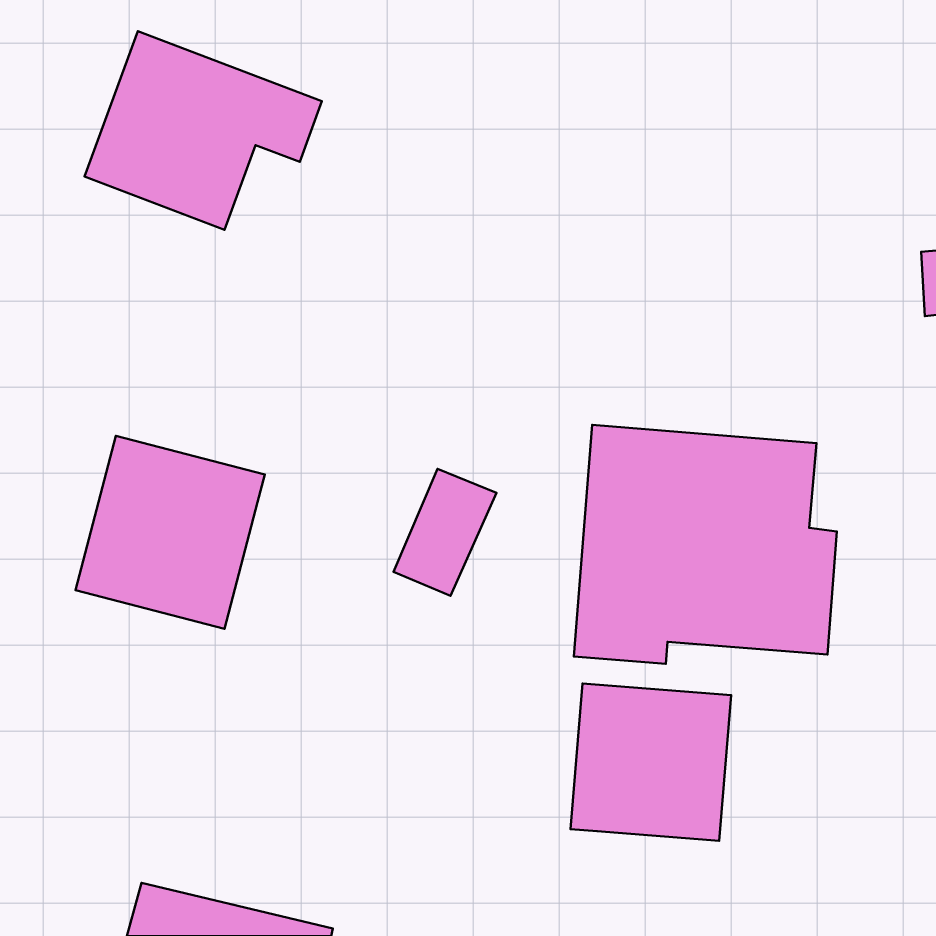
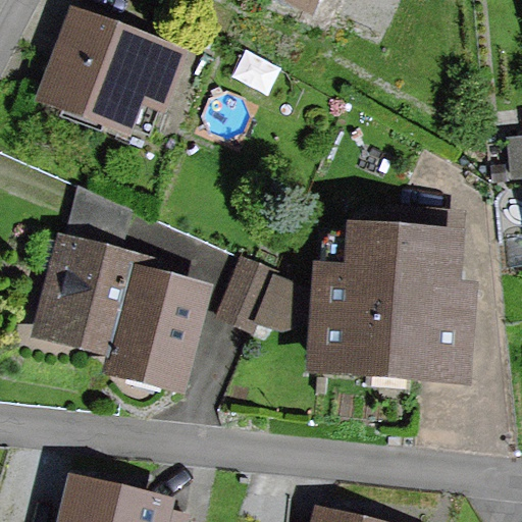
building: none -> [122,278,200,378]
building: [571,684,731,841] -> none

